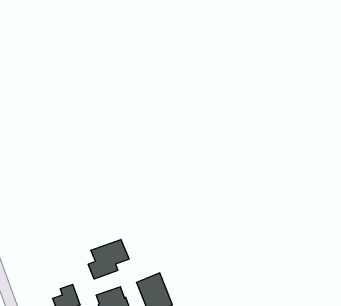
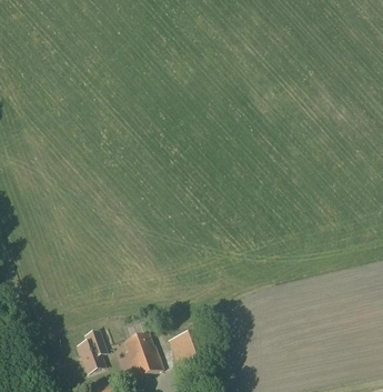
building: [88,239,129,279] -> none

